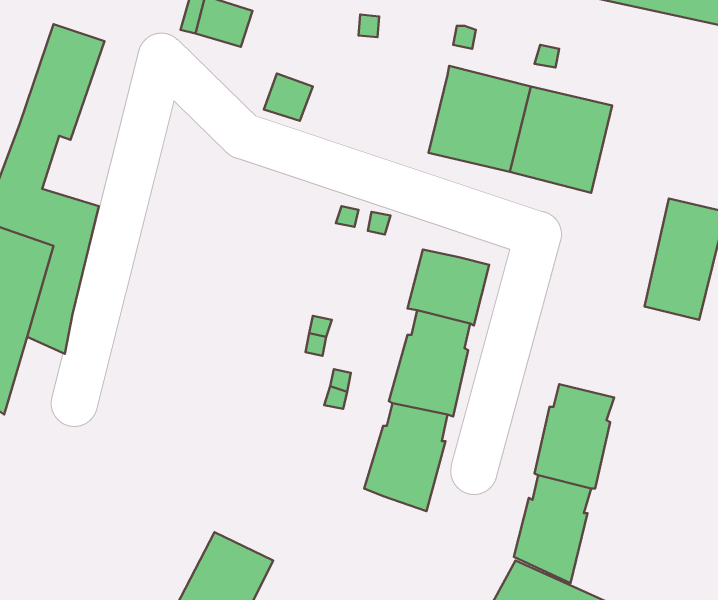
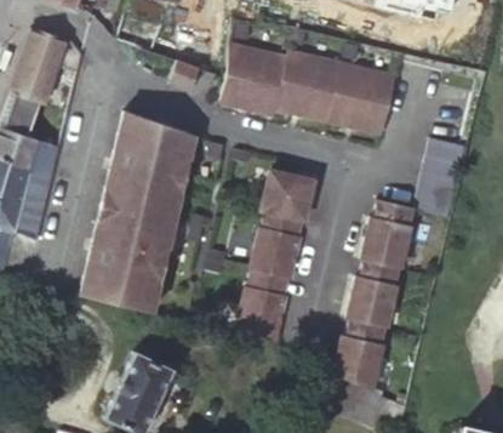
building: none -> [222,44,288,114]
building: none -> [85,108,195,310]
building: none -> [358,196,408,264]

